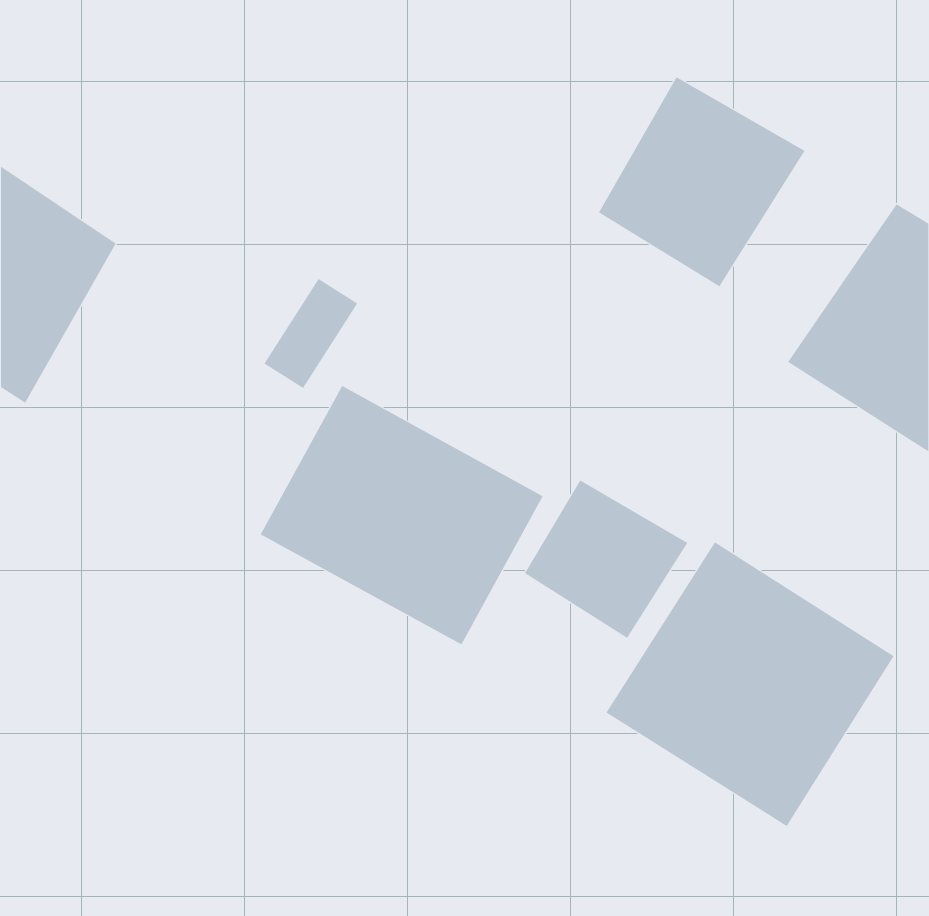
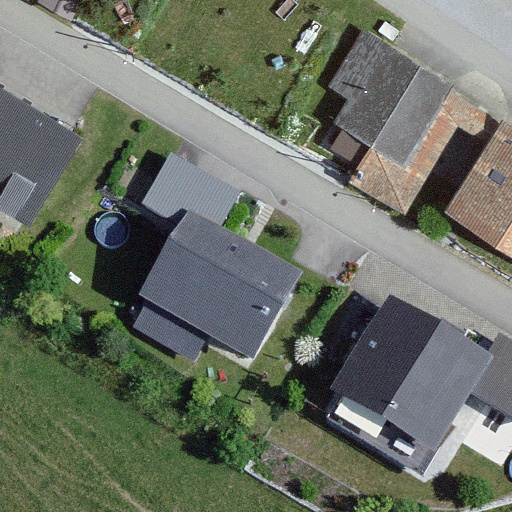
building: none -> [343,83,493,207]
building: [524,480,688,639] -> none

